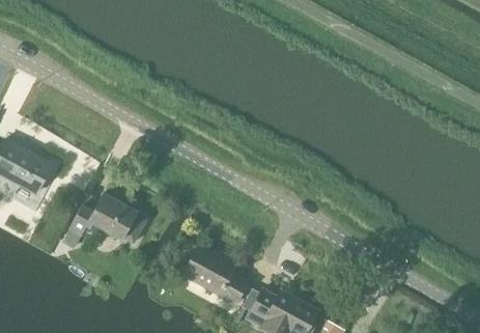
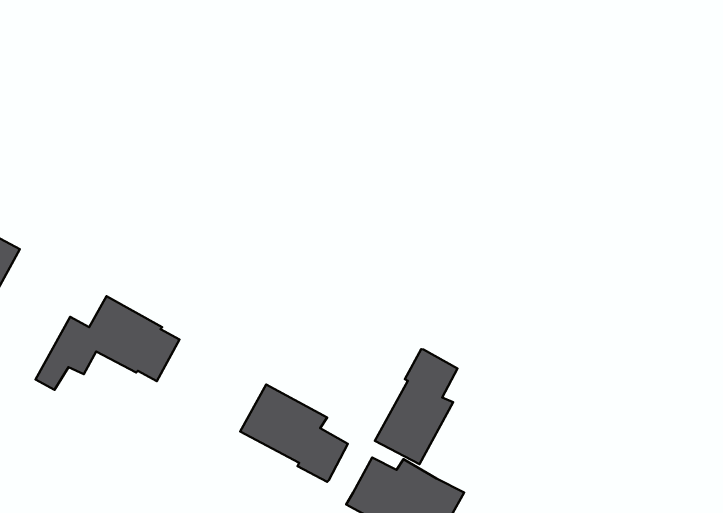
building: none -> [375,349,457,464]

